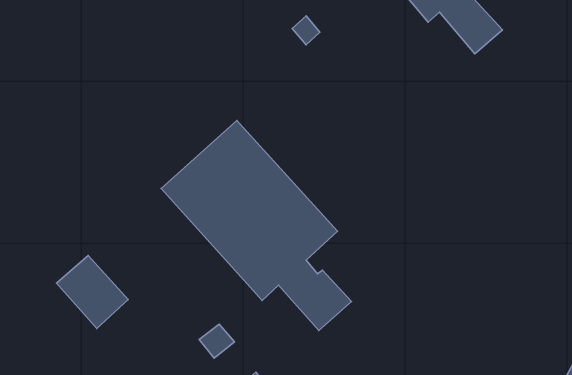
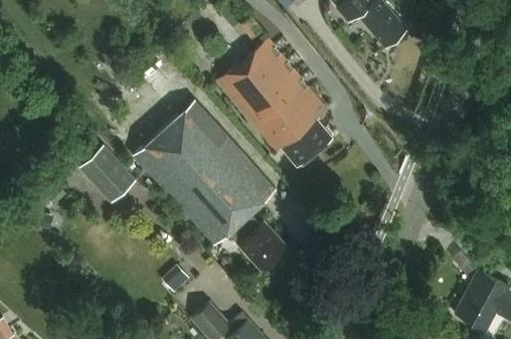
building: none -> [218,40,332,165]
building: [57,255,128,328] -> [78,145,136,203]

